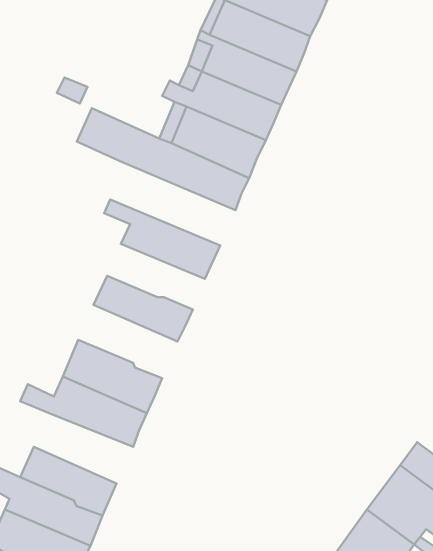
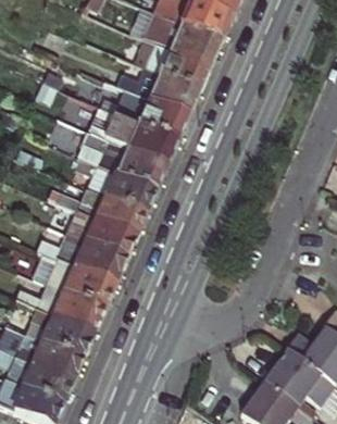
building: none -> [77,130,170,190]
building: none -> [48,188,148,236]
building: none -> [58,233,128,285]
building: none -> [26,310,97,360]

